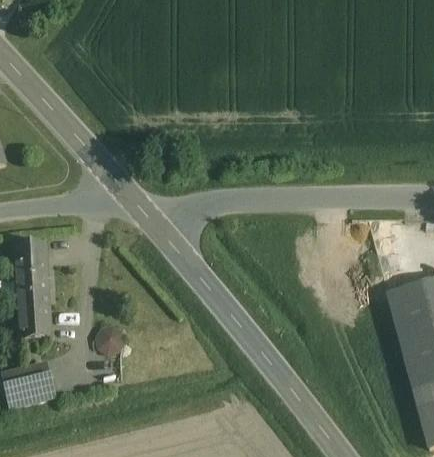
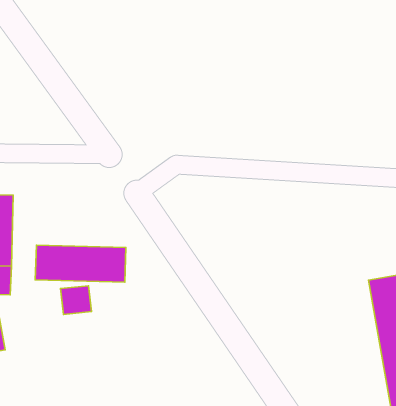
building: none -> [35,245,126,282]

